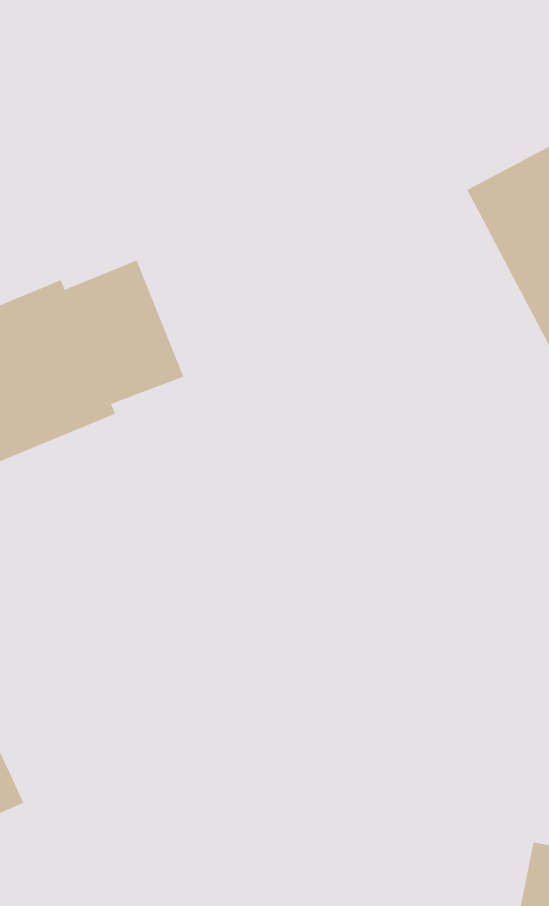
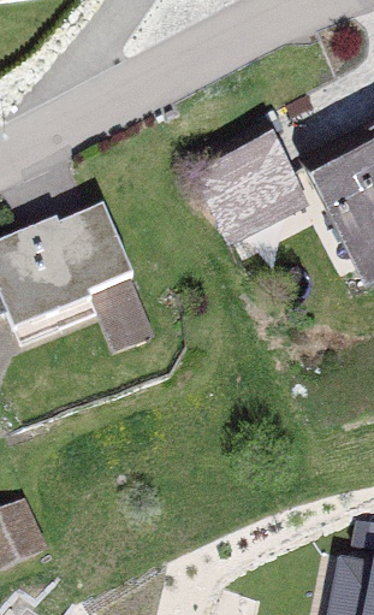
building: none -> [196,130,292,215]

